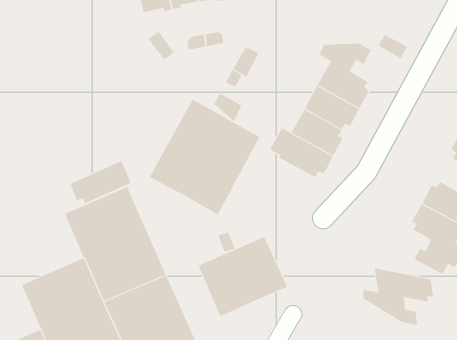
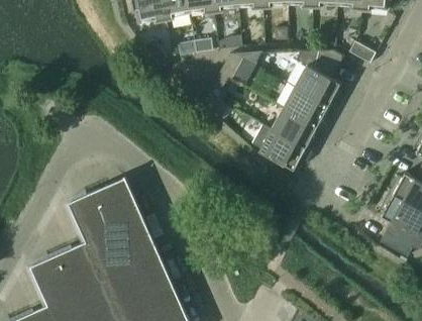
building: [149,99,260,215] -> none
building: [70,160,131,204] -> none
building: [198,236,288,317] -> none
building: [363,267,434,326] -> none

